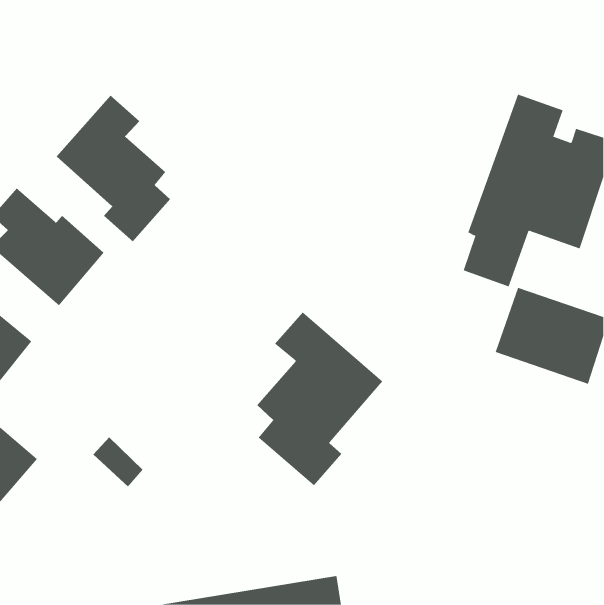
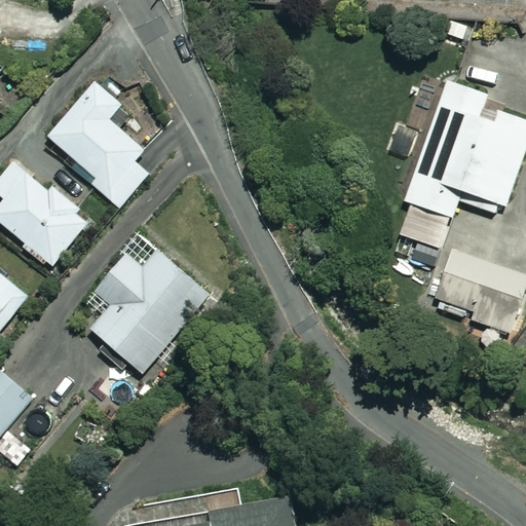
building: none -> [90,235,211,373]
building: [257,311,383,486] -> none

